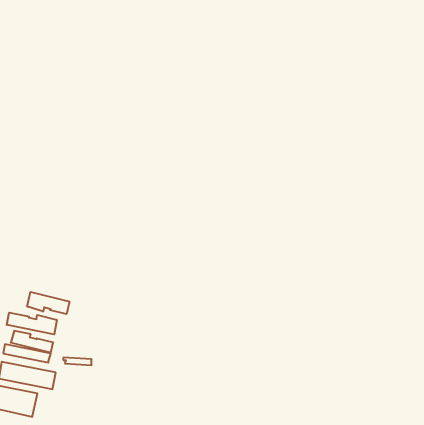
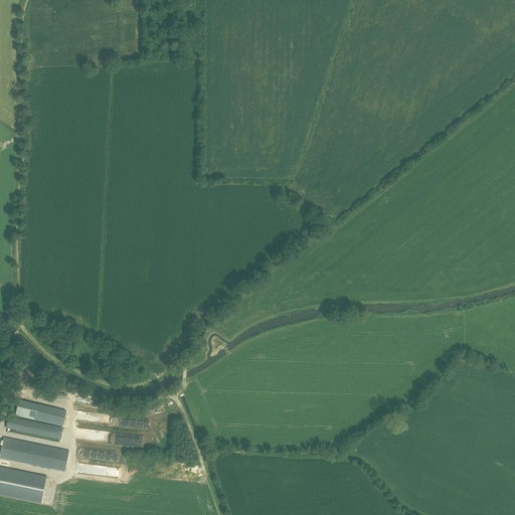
building: [27,292,69,314] -> none
building: [7,313,57,334] -> none

